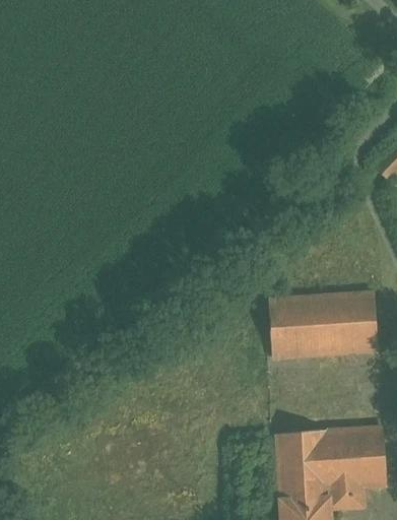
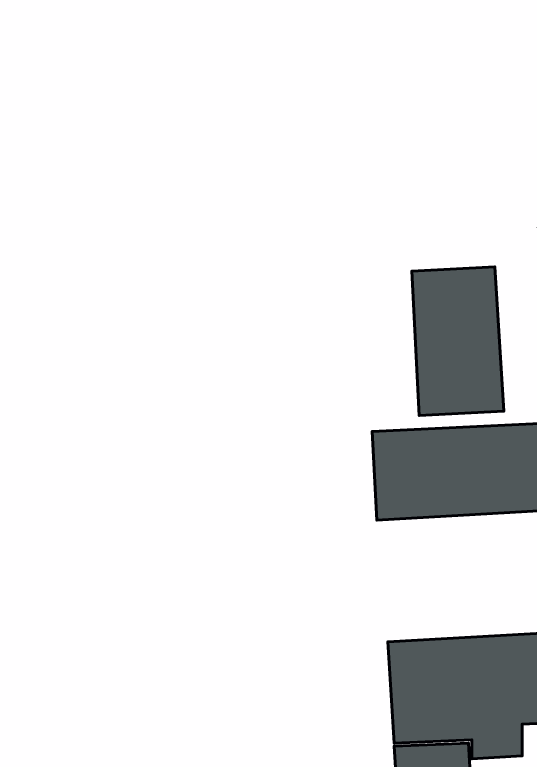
building: none -> [412,267,504,416]

